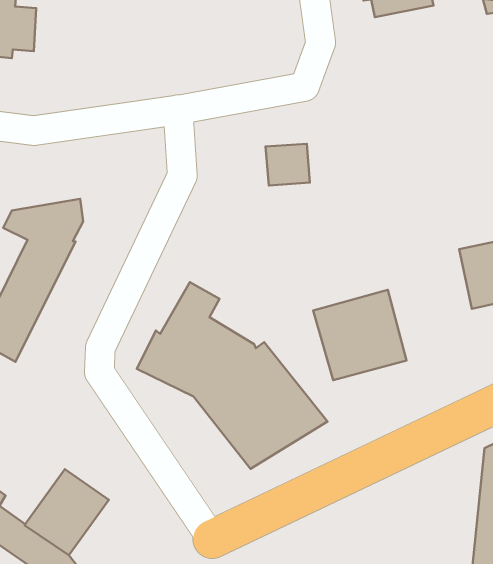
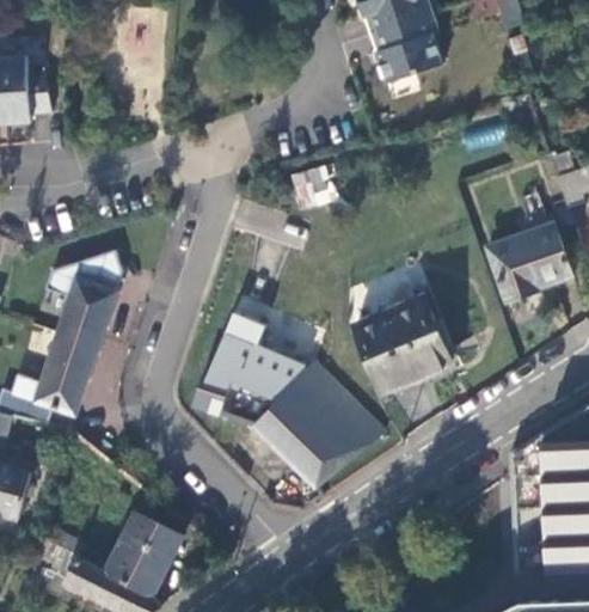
building: none -> [375,13,442,84]
building: none -> [362,265,422,312]

